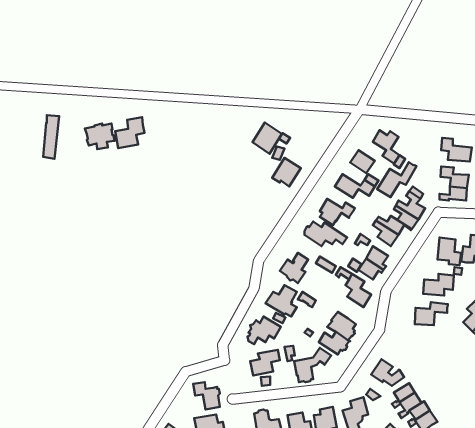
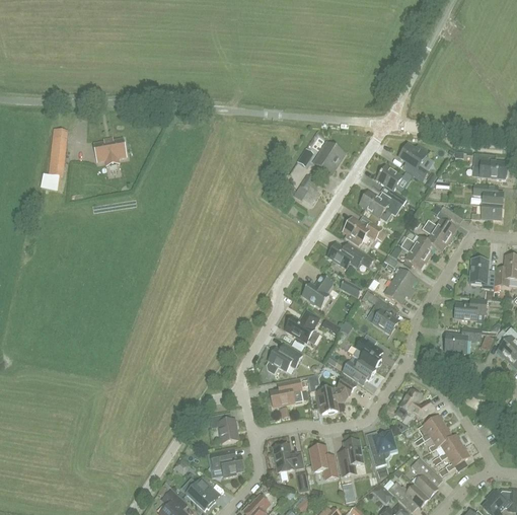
building: [115,117,145,148] -> none
building: [253,122,282,154] -> [313,140,345,173]
building: [377,162,416,197] -> none

